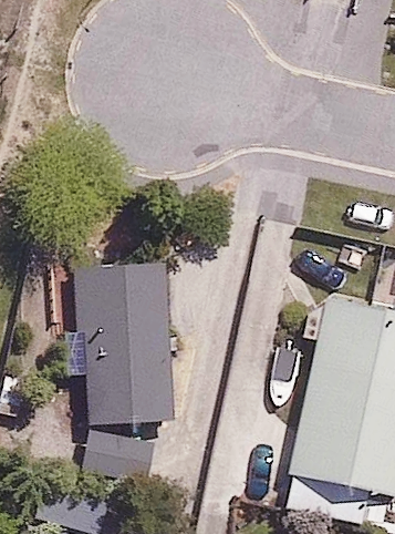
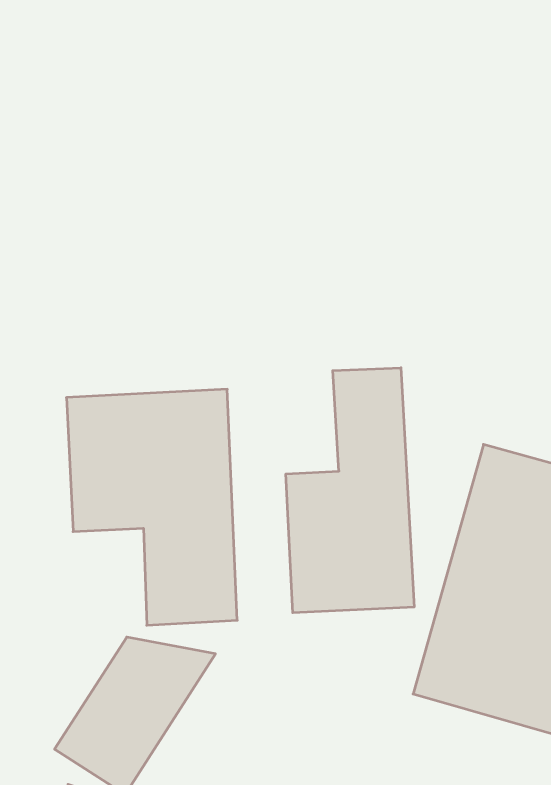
building: none -> [286,368,414,613]

